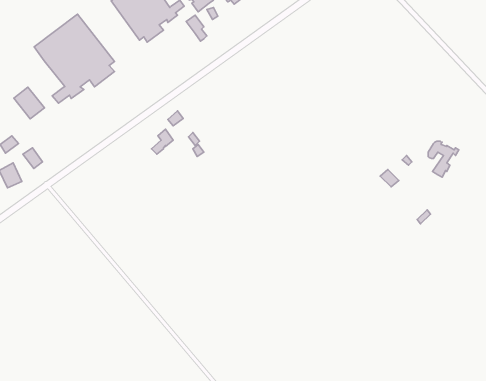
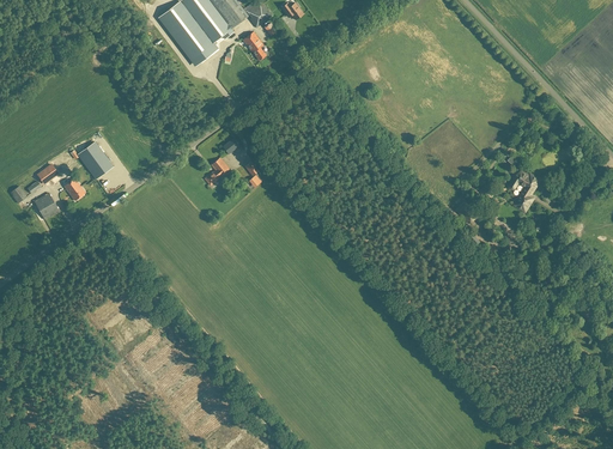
building: [34,14,115,103] -> none
building: [14,87,44,119] -> [78,141,111,176]

